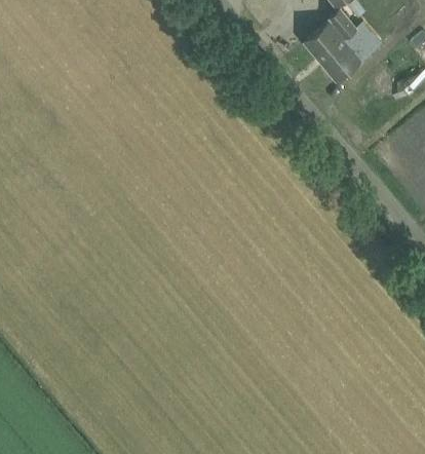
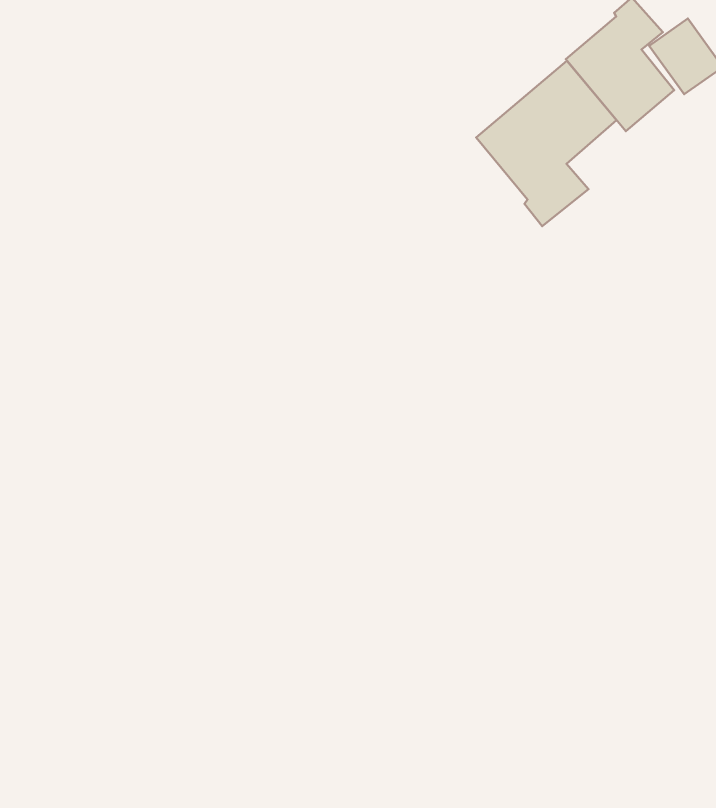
building: none -> [476,61,617,226]

